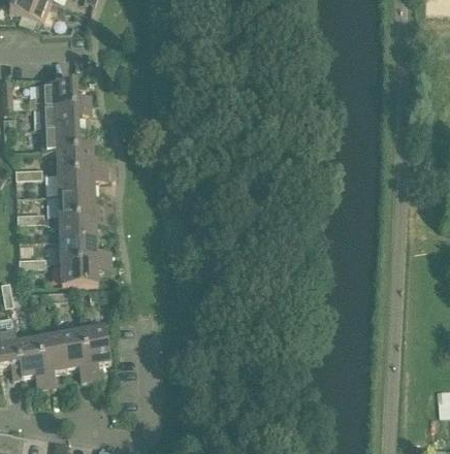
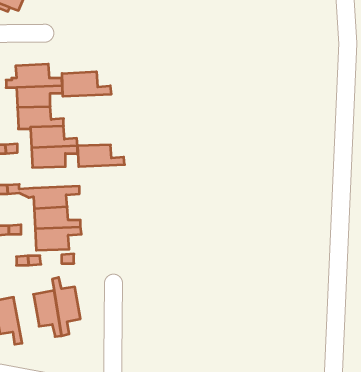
building: none -> [62,72,111,96]
building: [58,194,109,218] -> [78,145,125,167]
building: [37,334,65,388] -> none

